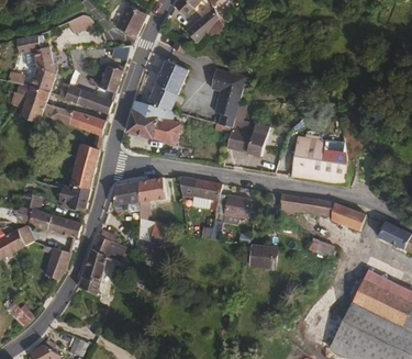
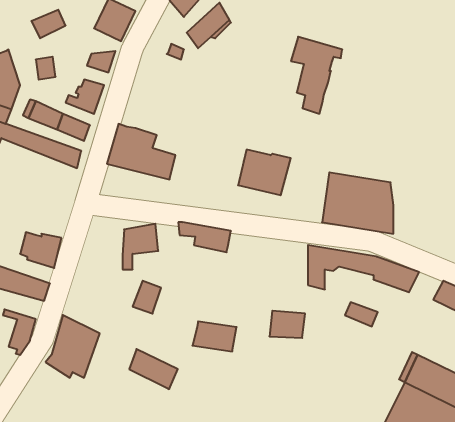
building: [147,58,188,110] -> none
building: [209,69,248,128] -> [291,37,342,114]
building: [70,145,99,188] -> none
building: [112,181,138,203] -> none
building: [214,193,248,216] -> [192,321,237,351]
building: [91,232,129,262] -> [129,349,178,389]

